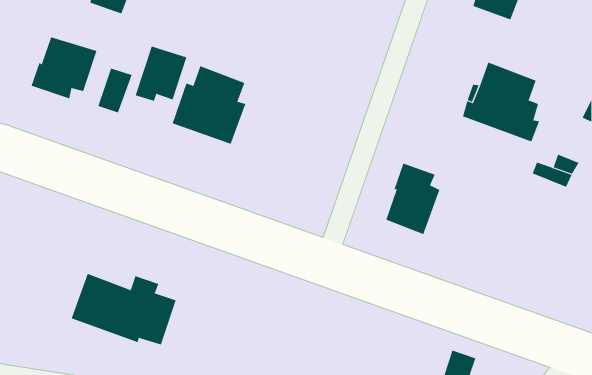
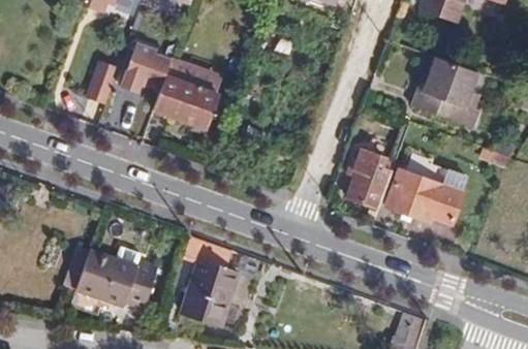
building: [31,36,97,99] -> none
building: none -> [386,154,467,224]
building: none -> [182,261,238,325]

